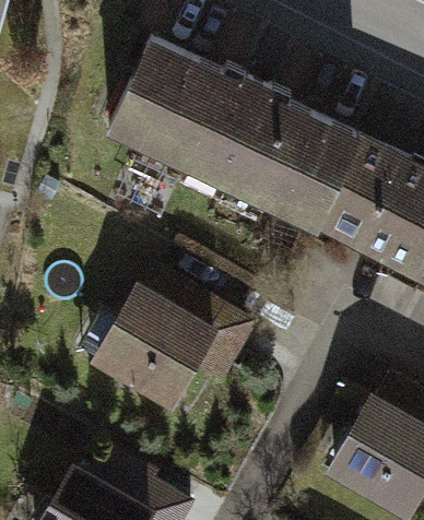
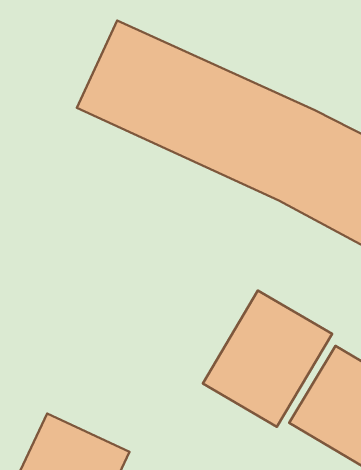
building: [104,275,234,405] -> none
building: none -> [203,291,332,427]

